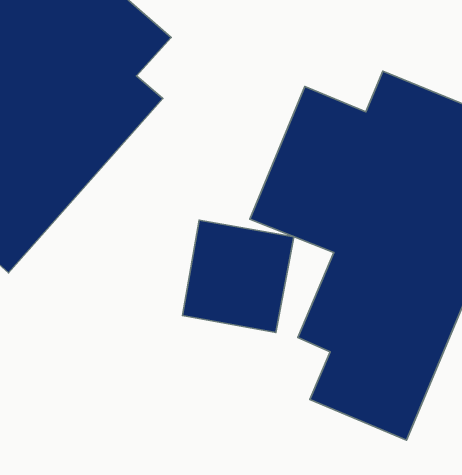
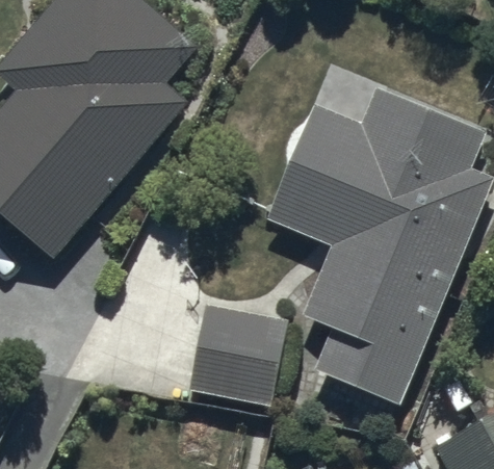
building: [182,220,294,332] -> [190,307,287,405]

